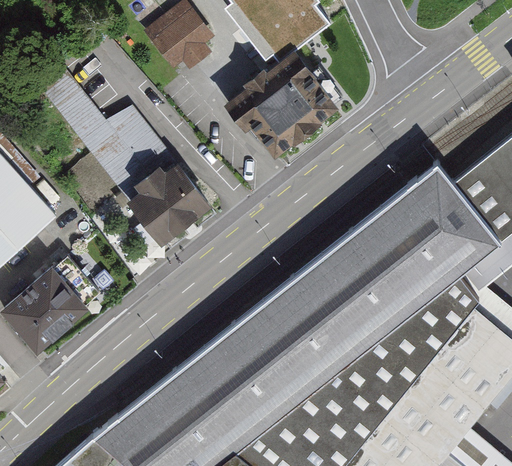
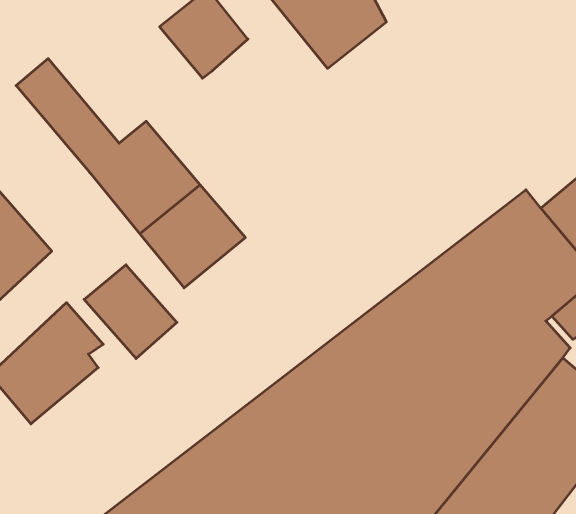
building: [234,55,341,161] -> none
building: none -> [84,265,177,359]

